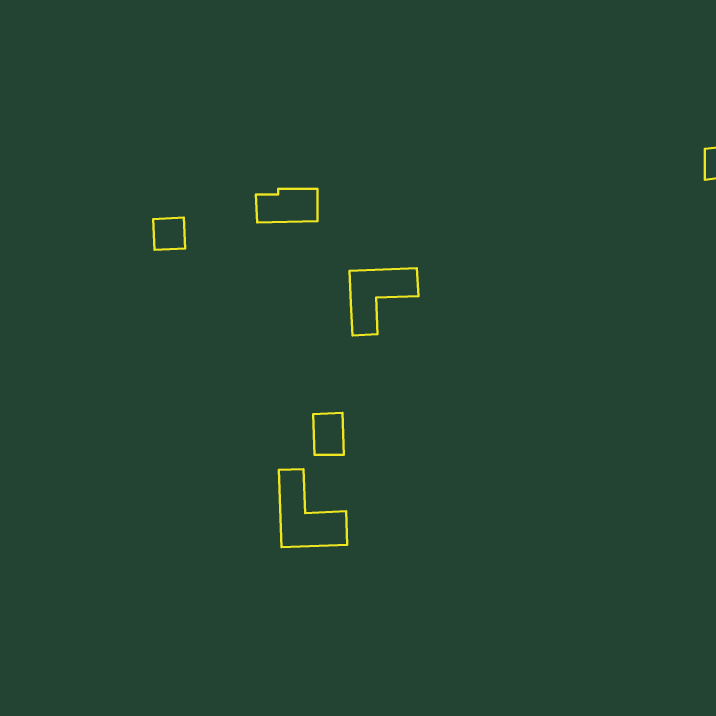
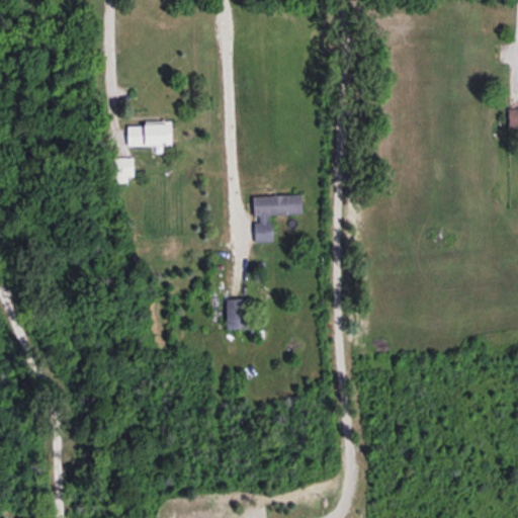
building: [256,189,318,222] -> [127,121,172,146]
building: [279,469,347,547] -> none

